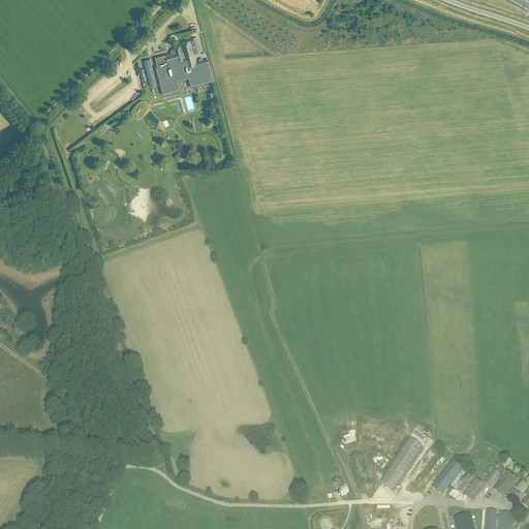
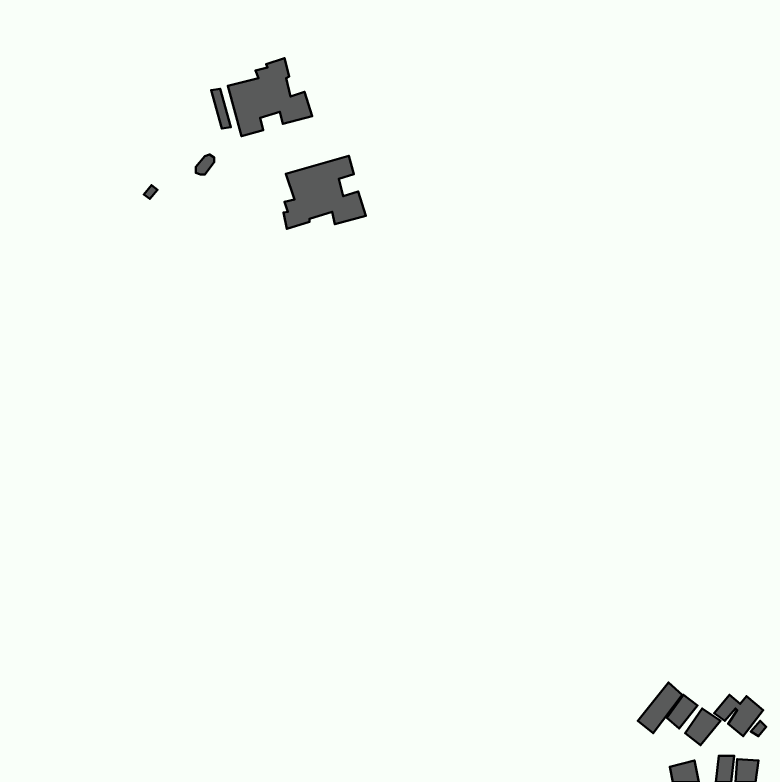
building: none -> [284,156,366,229]
building: [379,438,422,491] -> none

